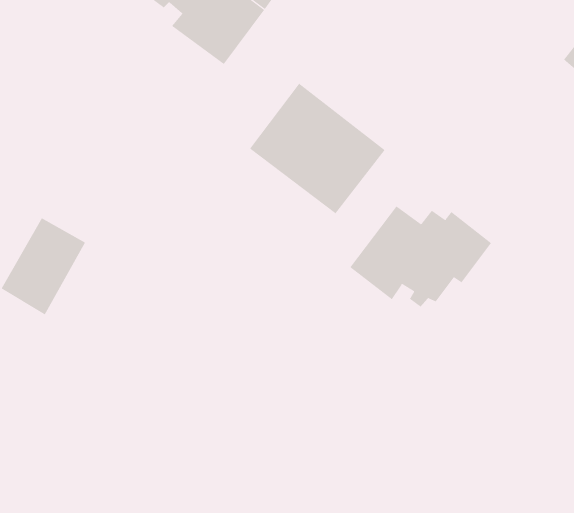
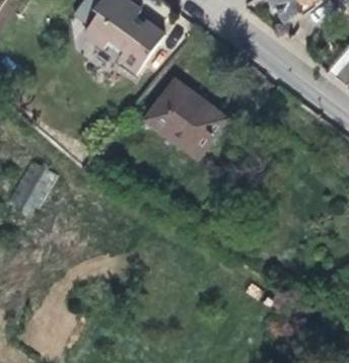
building: [349,205,492,308] -> none

